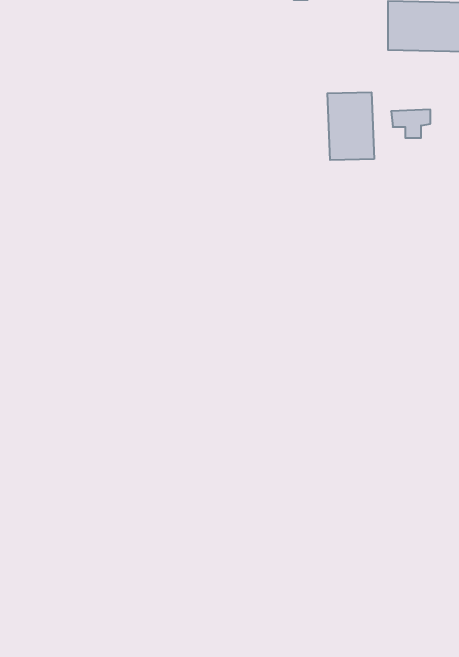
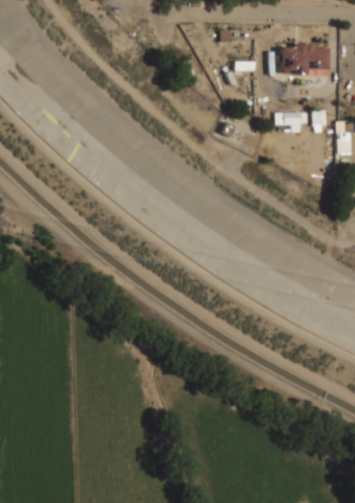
building: [327,92,374,160] -> none

